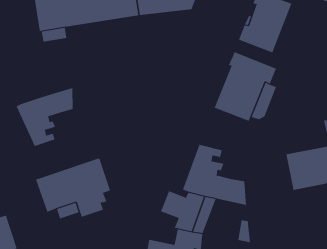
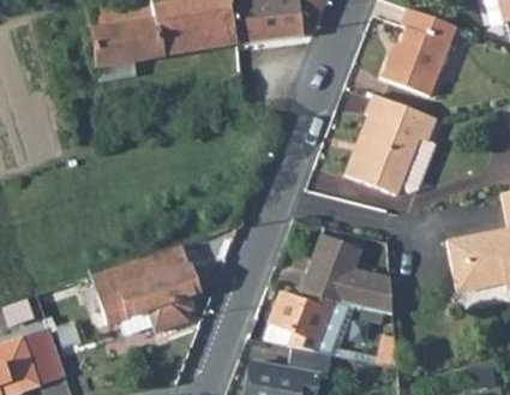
building: [16,87,73,147] -> none

